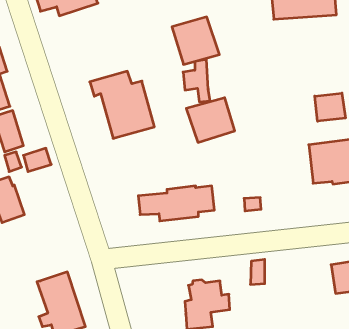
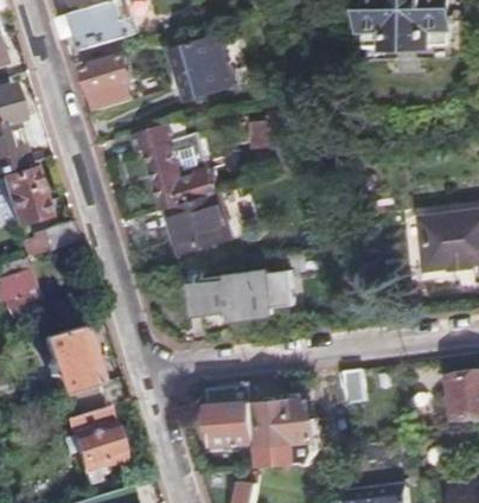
building: [172,17,219,64] -> [175,37,238,100]
building: none -> [85,56,134,93]
building: [315,93,345,121] -> none
building: [186,98,235,142] -> [165,193,229,253]
building: none -> [46,327,101,397]
building: none -> [212,383,257,445]

